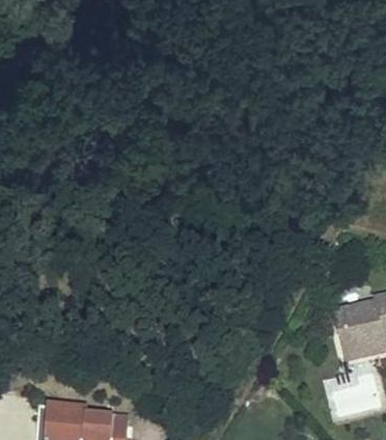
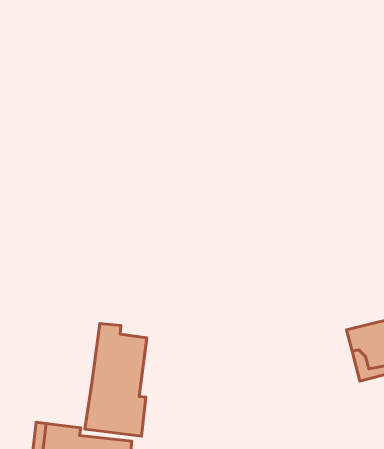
building: none -> [85,323,147,436]

